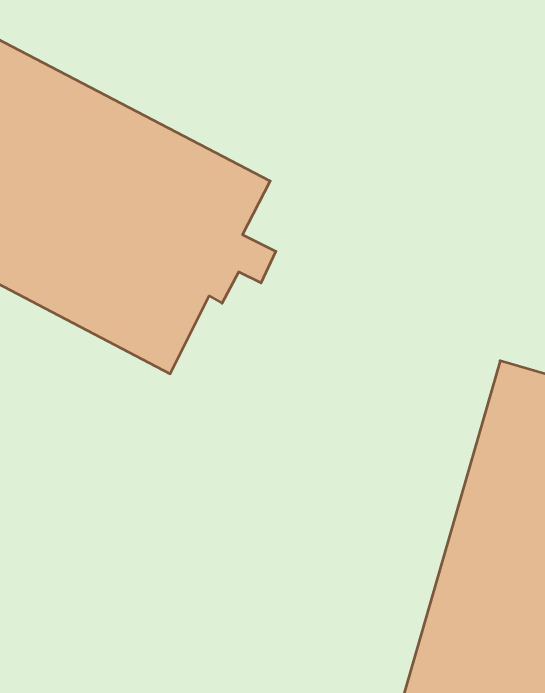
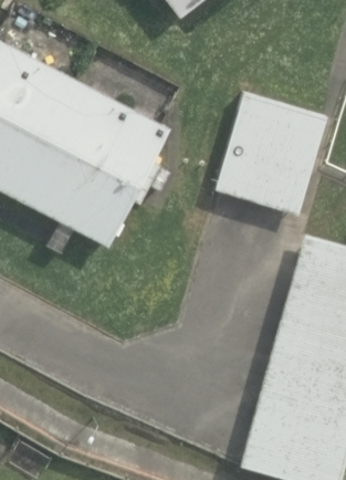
building: none -> [214,93,325,213]

